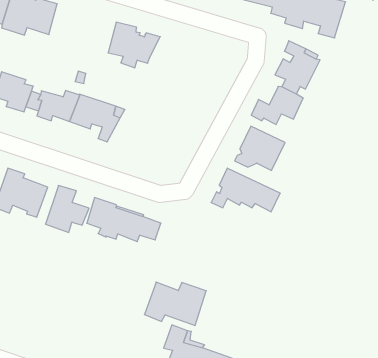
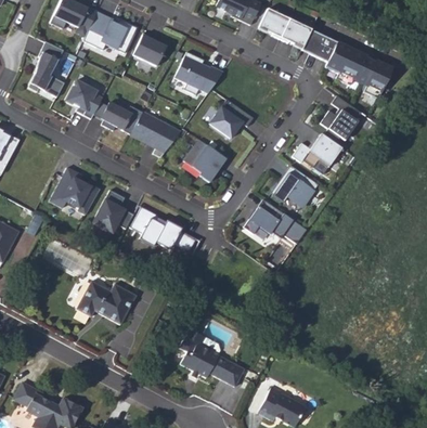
building: none -> [133,31,167,65]
building: none -> [210,99,254,138]
building: none -> [184,139,227,182]
building: [144,282,206,326] -> [77,280,135,324]

